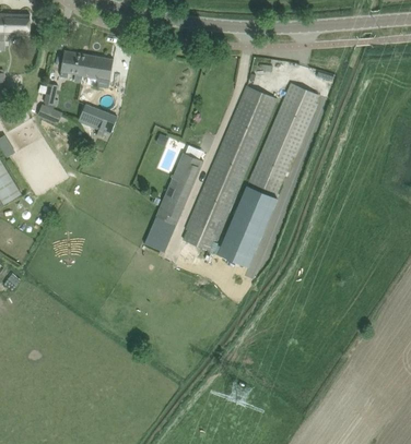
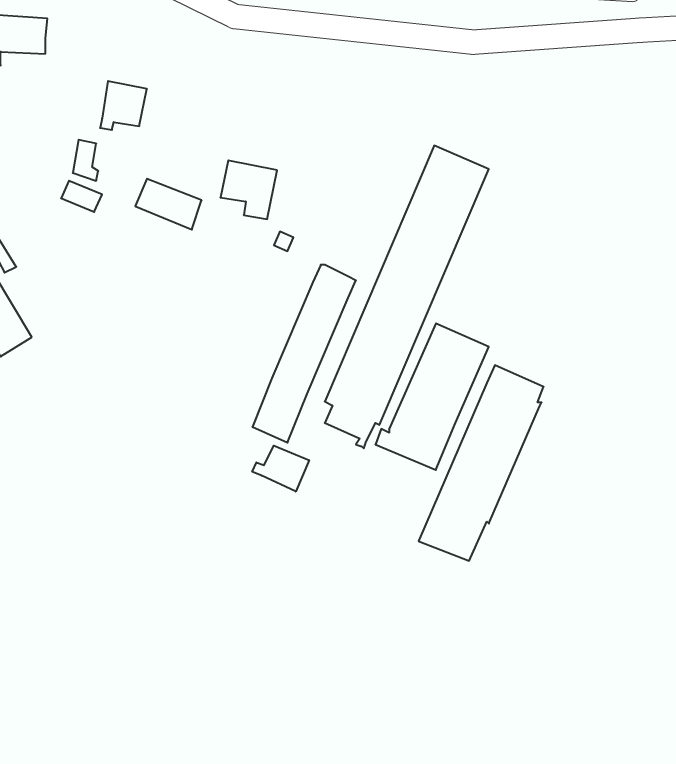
building: [81,53,113,86] -> [220,160,277,219]
building: [248,82,318,191] -> [419,365,544,561]
building: none -> [252,446,309,492]

